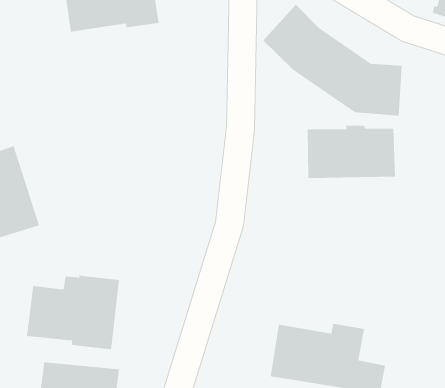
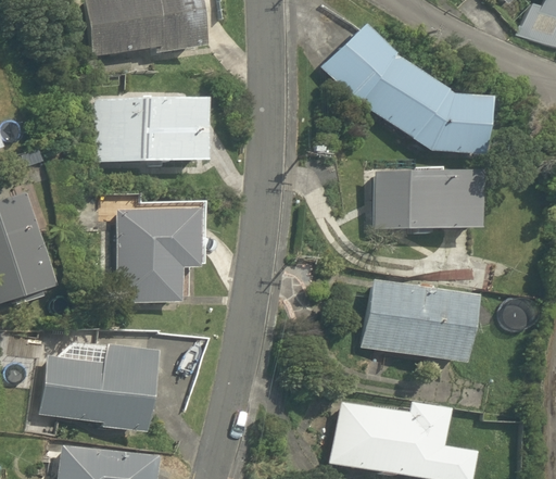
building: none -> [98,97,206,162]
building: none -> [121,206,197,302]
building: none -> [365,278,473,362]

